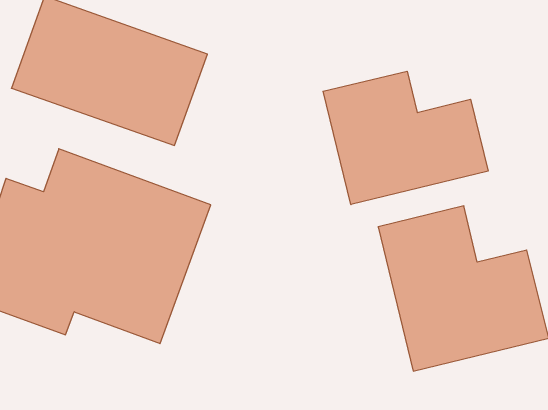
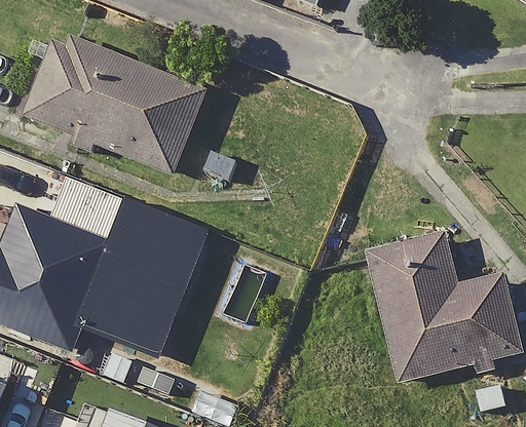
building: [323,71,488,205] -> none

